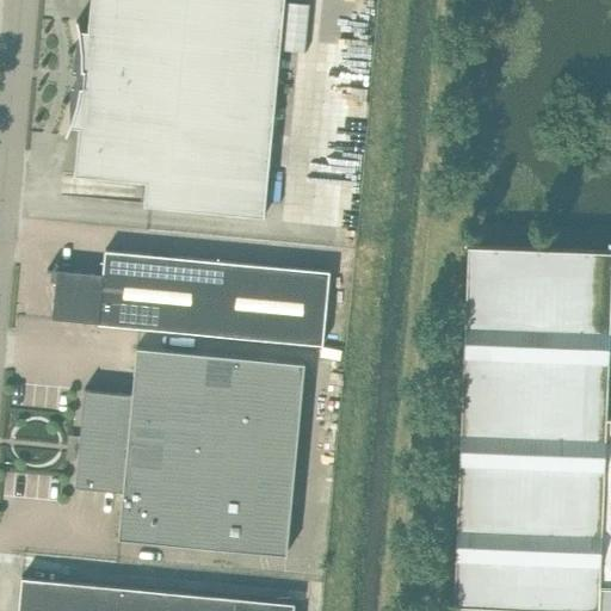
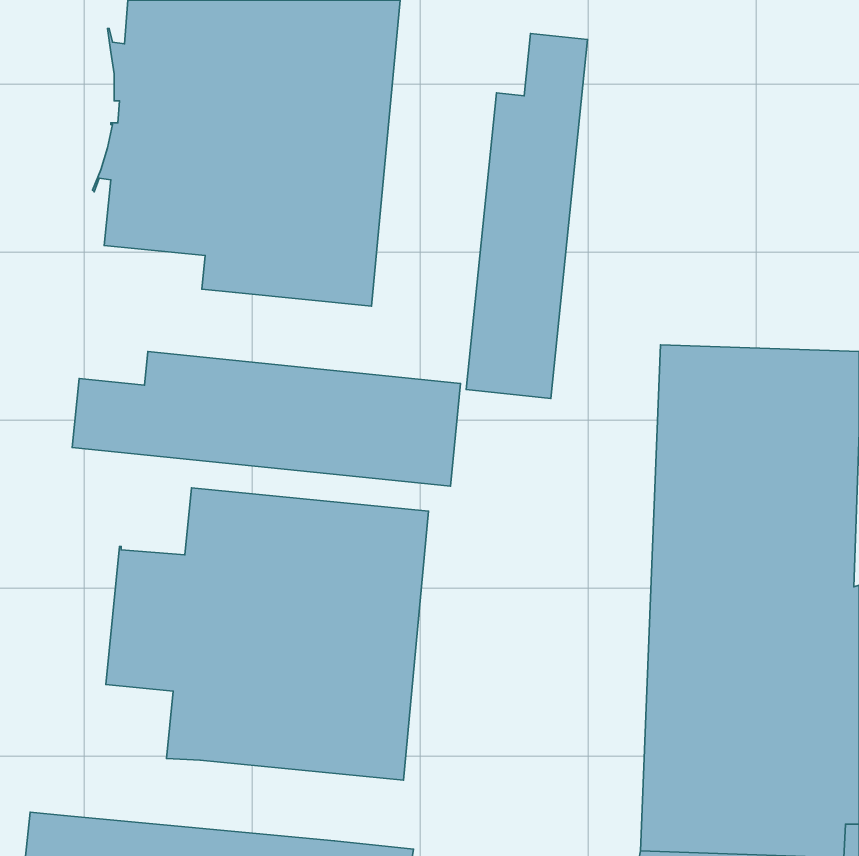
building: none -> [466,33,588,399]

